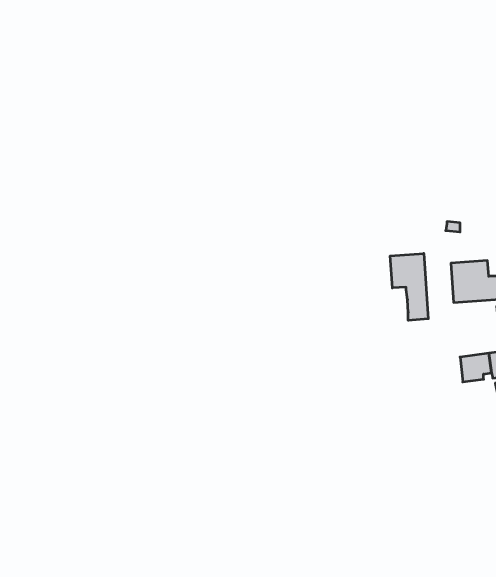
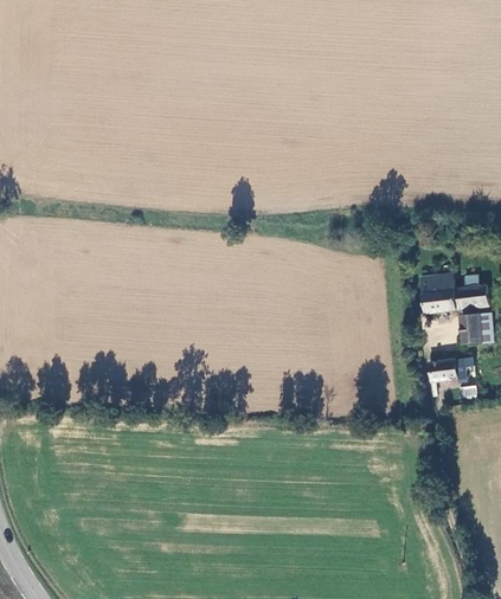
building: [390,253,428,320] -> none

